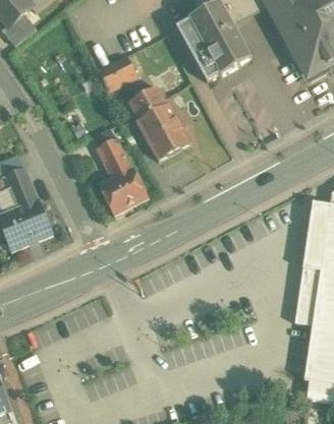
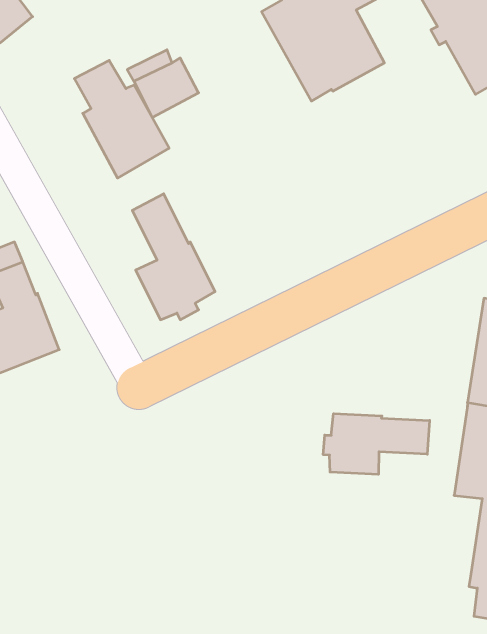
building: [131,87,189,160] -> [74,60,169,178]
building: none -> [323,414,430,474]

